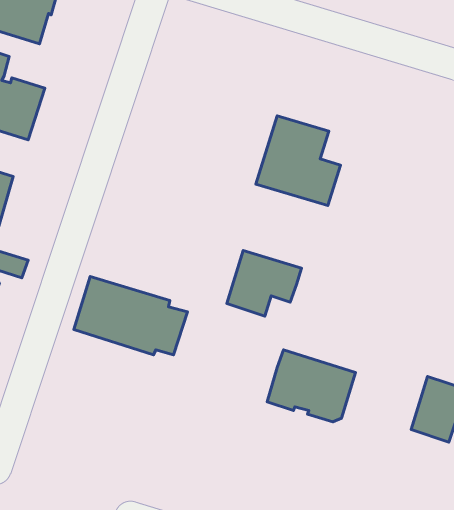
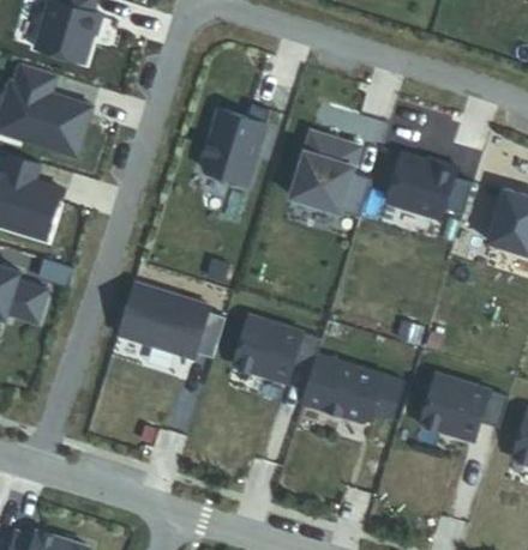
building: none -> [200,105,269,185]
building: none -> [385,155,473,219]
building: [227,250,301,316] -> [251,321,322,383]

